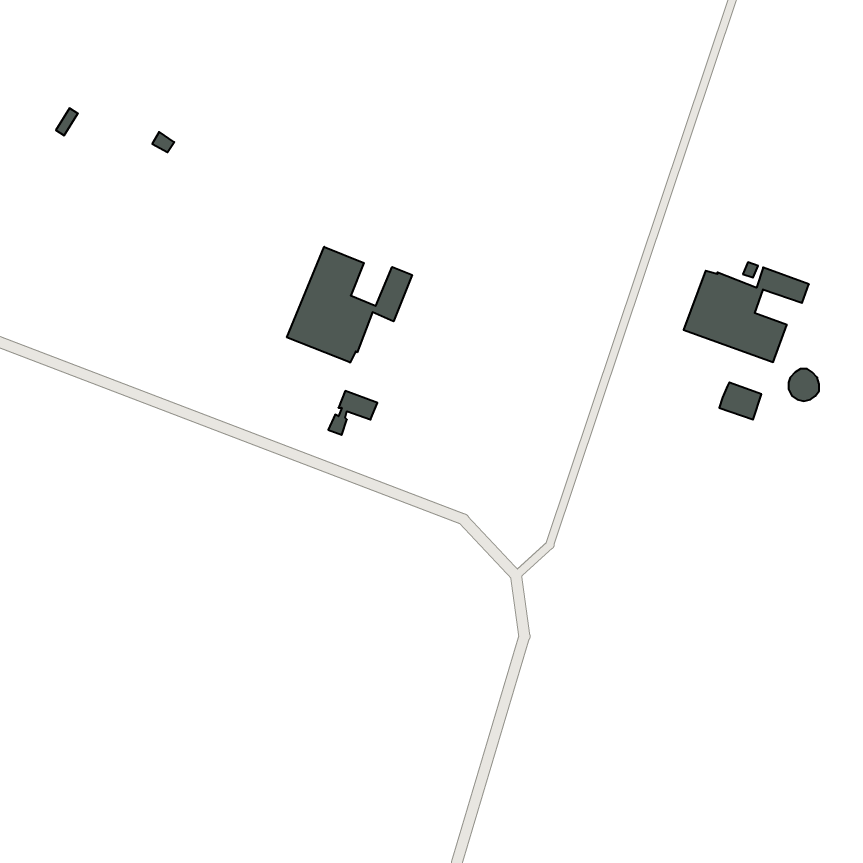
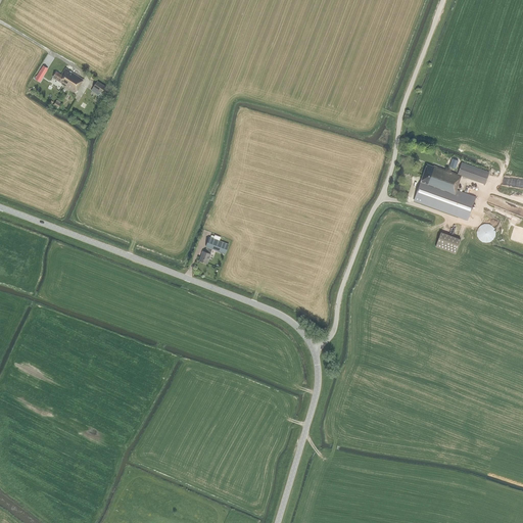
building: none -> [52,67,83,92]
building: [287,247,412,363] -> none

